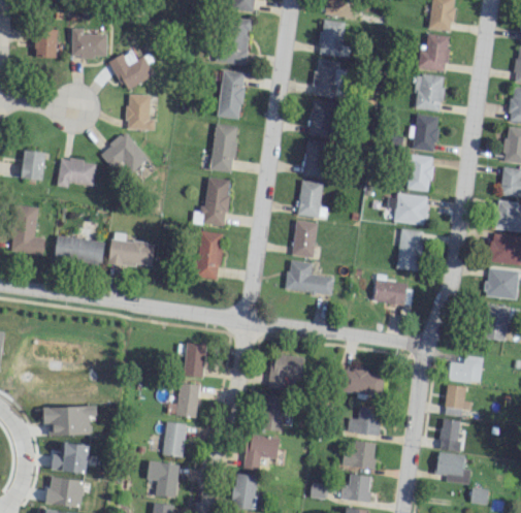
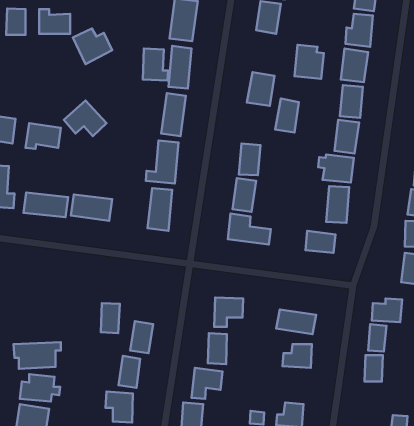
building: [314,60,347,98] -> [295,45,324,79]
building: [127,94,156,130] -> [143,48,168,80]
building: [302,139,329,178] -> [275,99,299,132]
building: [185,343,206,377] -> [101,303,120,333]
building: [344,441,376,468] -> none
building: [436,452,471,484] -> none

